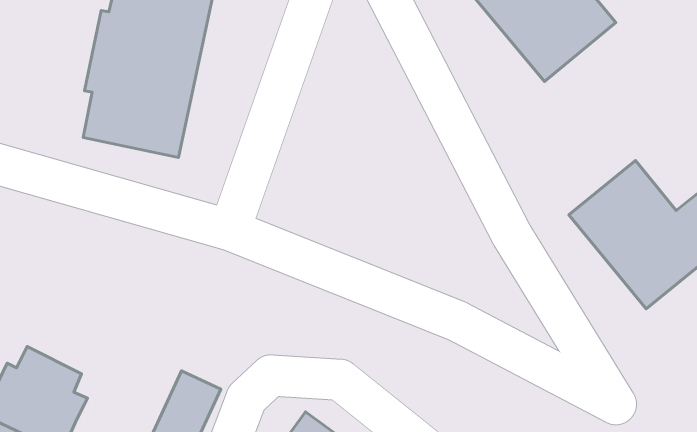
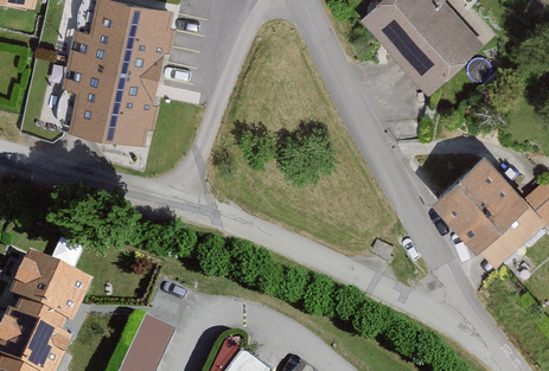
building: none -> [7,249,89,320]

